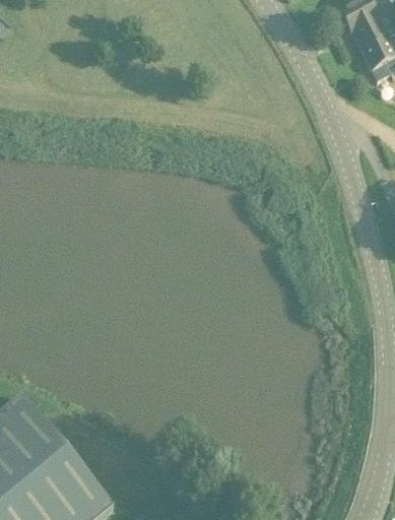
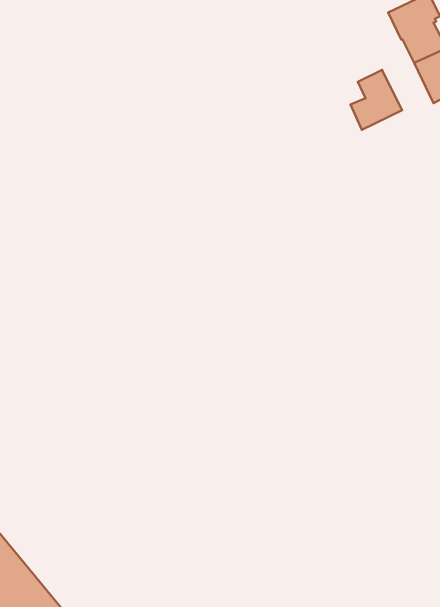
building: none -> [351,70,402,130]

